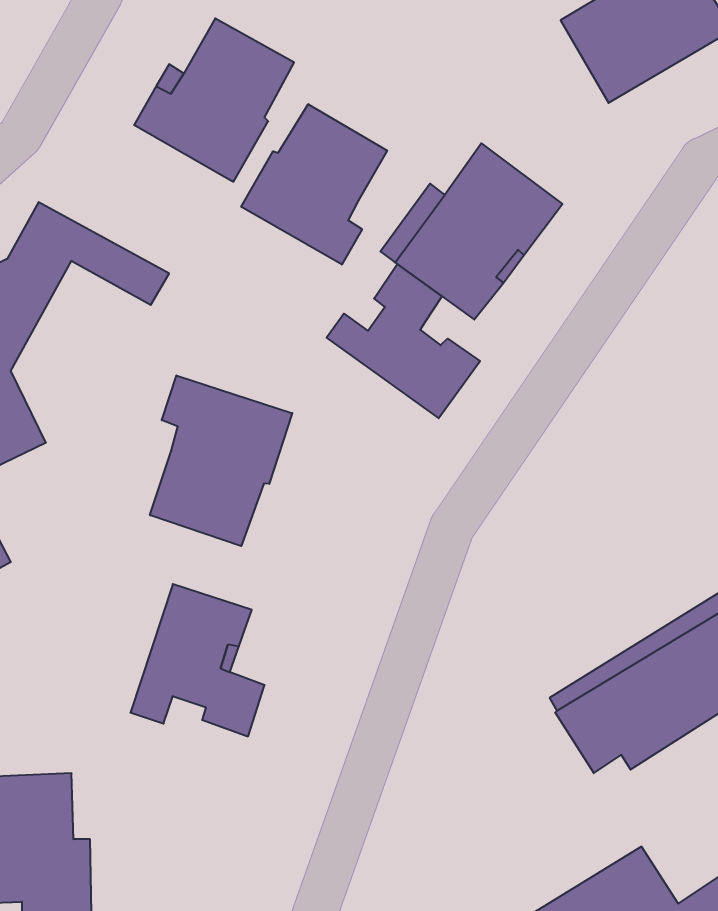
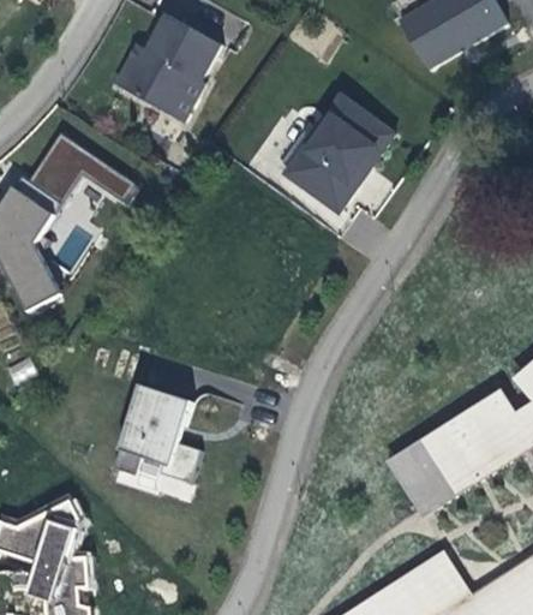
building: [241,104,387,265] -> none
building: [327,264,480,418] -> none
building: [150,375,292,546] -> none

